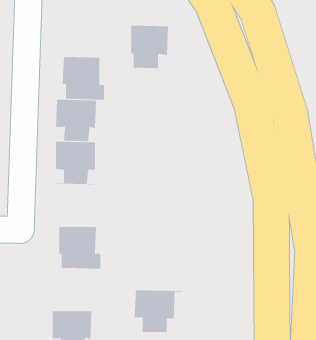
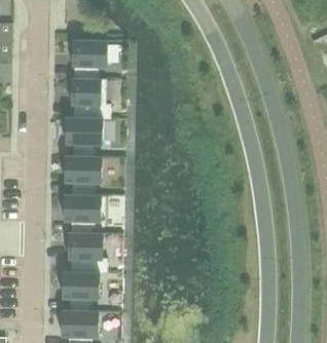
building: [131,25,169,69] -> [70,39,105,79]
building: none -> [62,194,101,233]
building: [134,290,183,333] -> [60,271,105,310]

